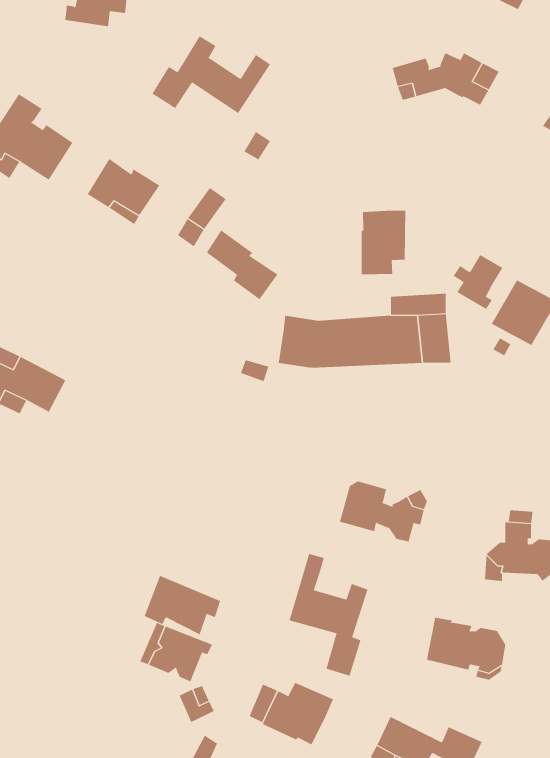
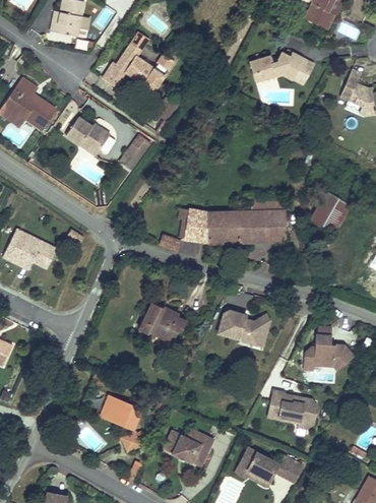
building: [361,210,406,275] -> none
building: [206,229,278,300] -> none
building: [453,254,503,310] -> none
building: [289,553,368,676] -> none
building: [144,575,221,635] -> [132,300,178,335]

